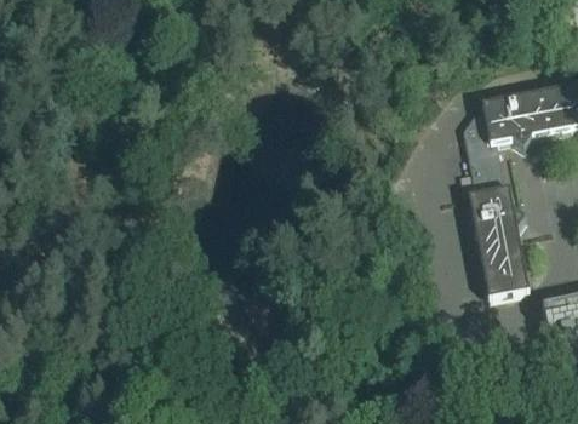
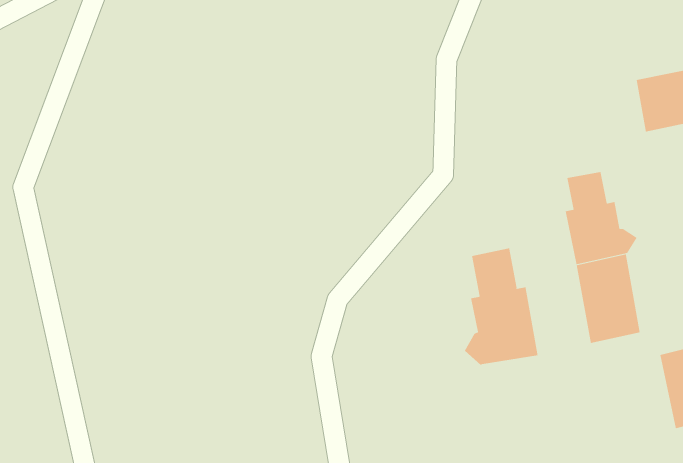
building: [463,94,532,170] -> none
building: none -> [464,248,538,366]

